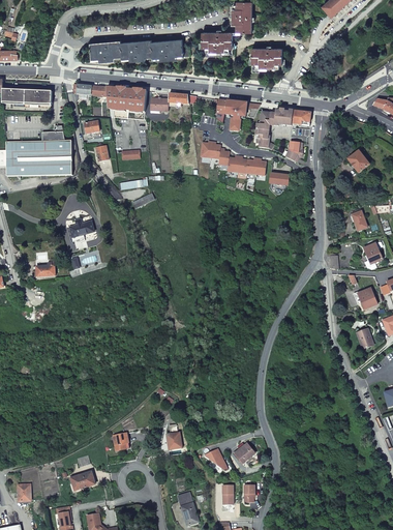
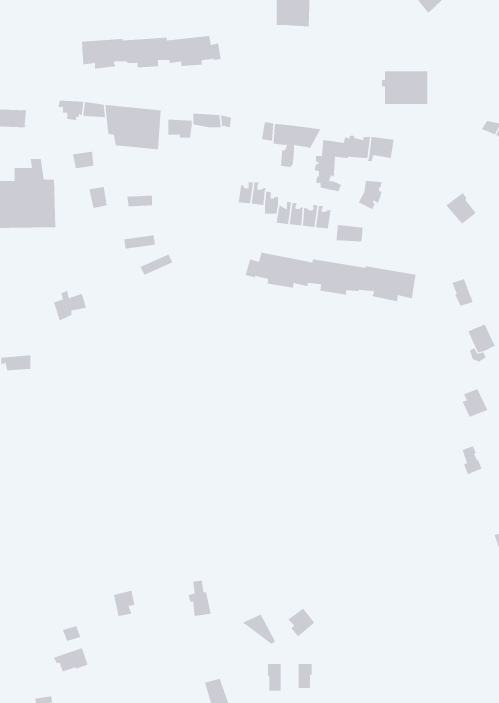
building: [202,31,232,55] -> none
building: [249,48,282,71] -> [381,71,428,104]
building: none -> [245,252,416,302]

